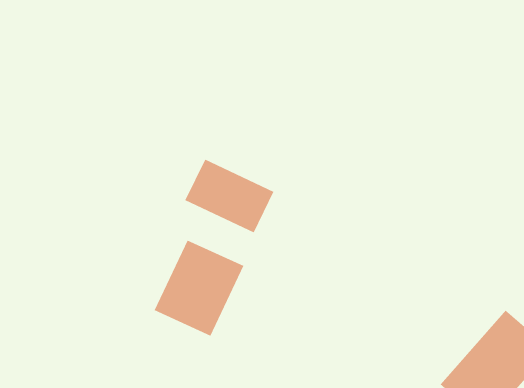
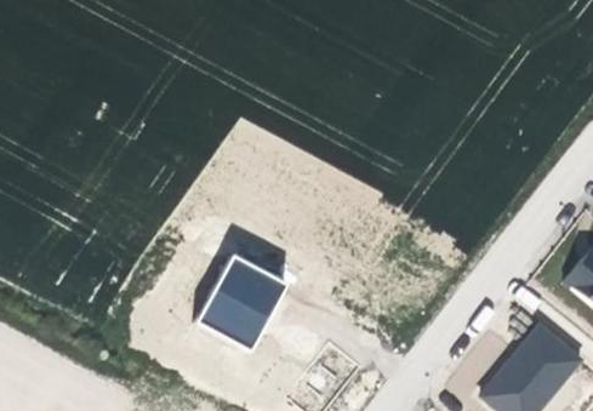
building: [184,158,275,234] -> none

